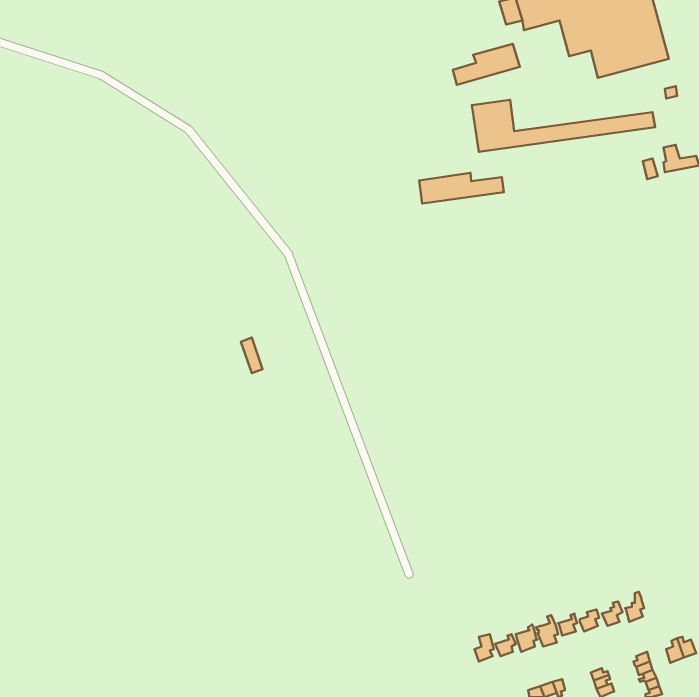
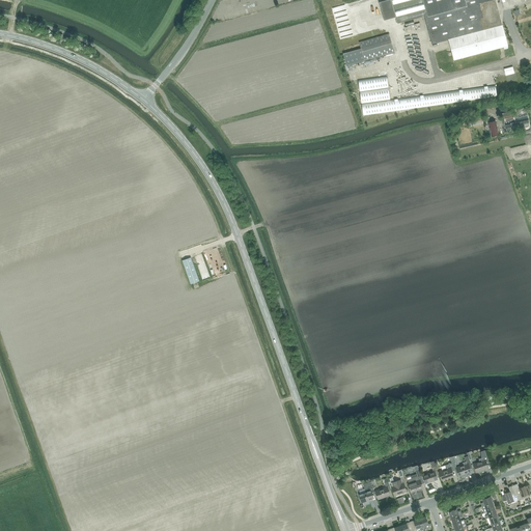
building: [419,173,504,204] -> none

